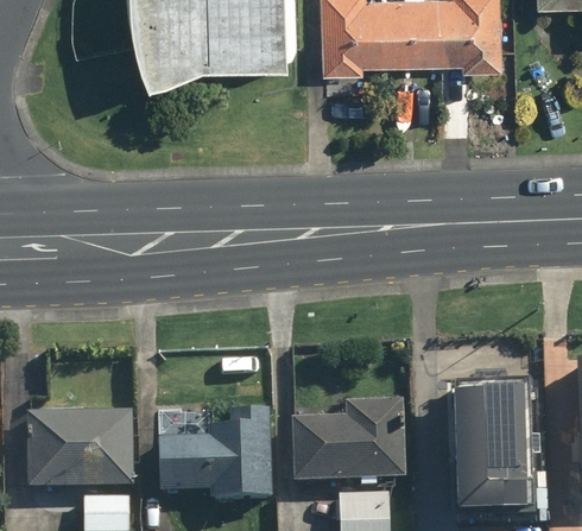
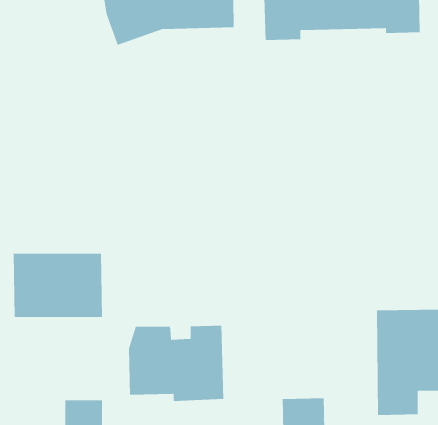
building: [292,399,406,486] -> none
building: [27,411,133,487] -> [13,253,103,318]

